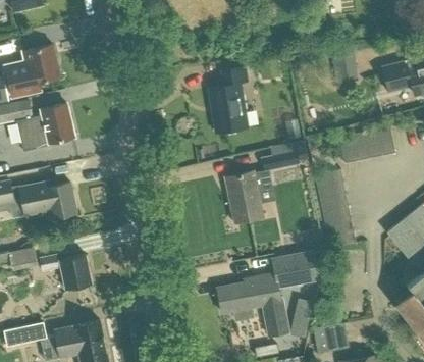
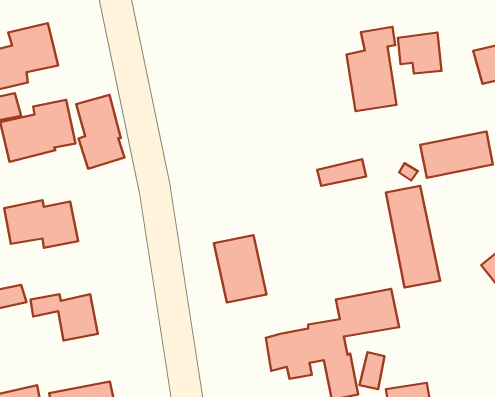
building: [209,66,248,132] -> [346,27,397,111]
building: none -> [76,95,124,169]
building: [226,170,267,222] -> [214,235,267,303]

